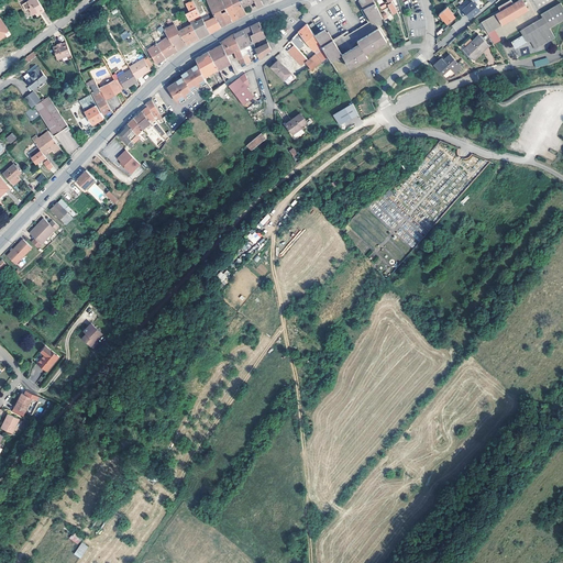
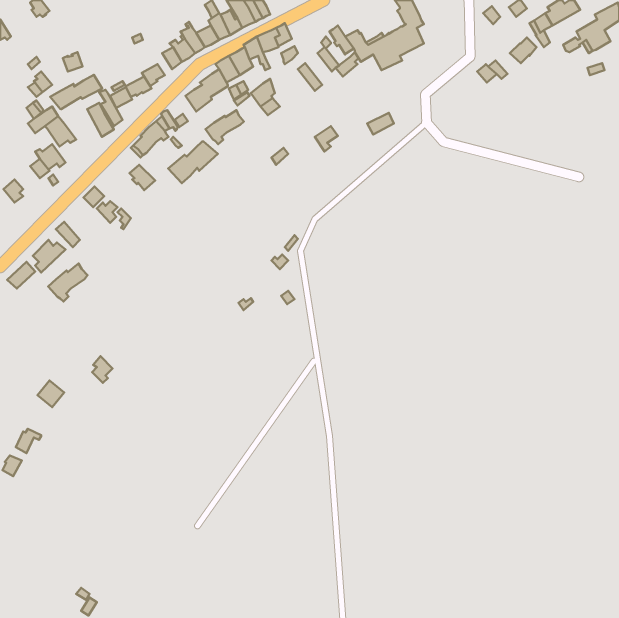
building: none -> [50,75,102,109]
building: none -> [206,110,244,144]
building: none -> [168,141,218,183]
building: none -> [48,264,88,302]

